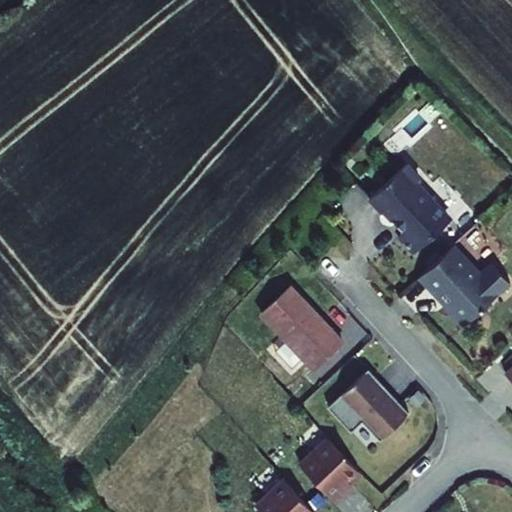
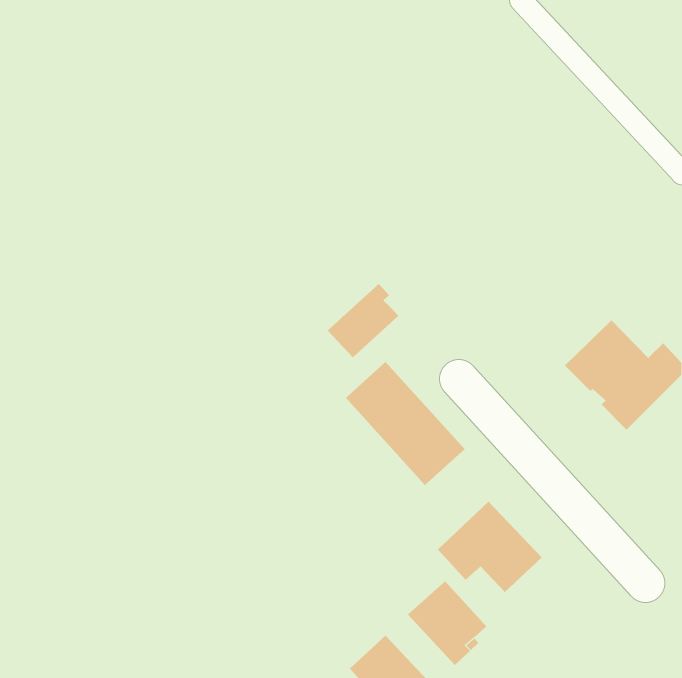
building: [366,166,445,256] -> none
building: none -> [327,283,399,358]

